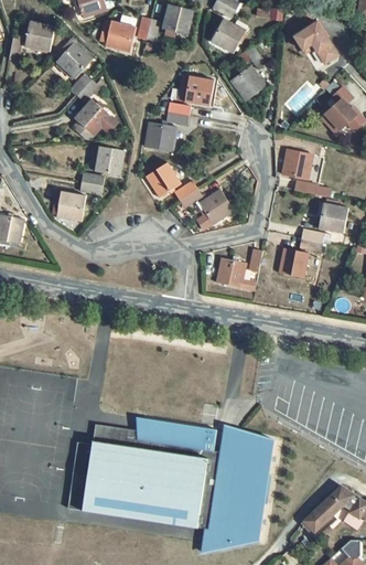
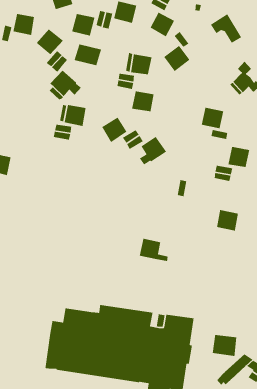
building: none -> [74,43,102,66]
building: [144,121,176,151] -> [131,91,154,112]
building: [55,191,86,222] -> none
building: [278,247,309,278] -> [216,209,239,232]
building: [215,257,256,290] -> [139,238,169,262]
building: none -> [212,334,237,357]

